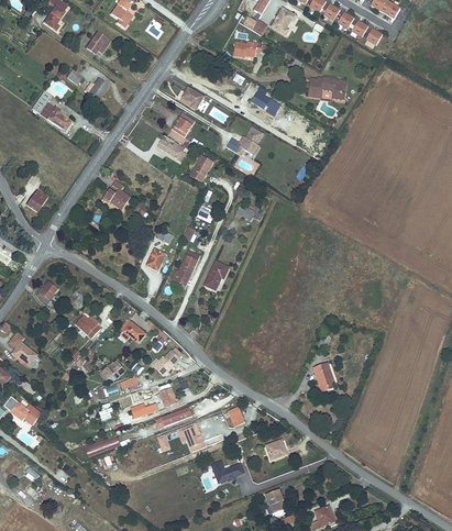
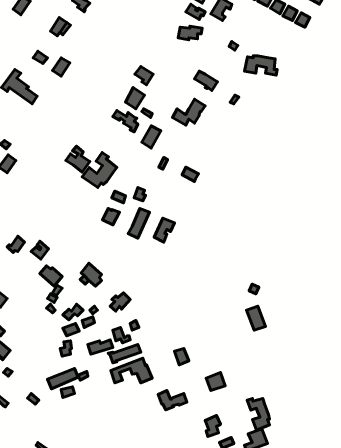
building: none -> [82,152,117,188]
building: none -> [247,398,270,430]

